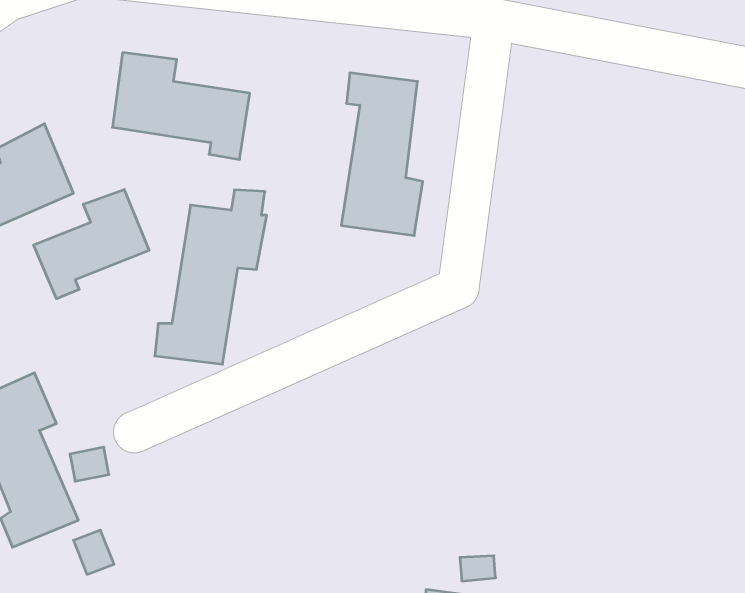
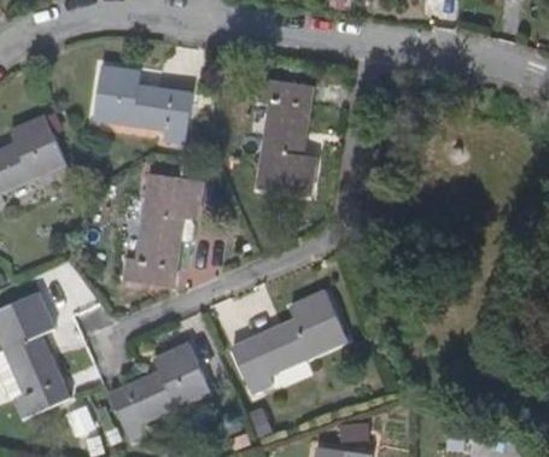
building: [34,189,149,299] -> none
building: none -> [232,292,346,392]
building: none -> [109,344,210,439]

